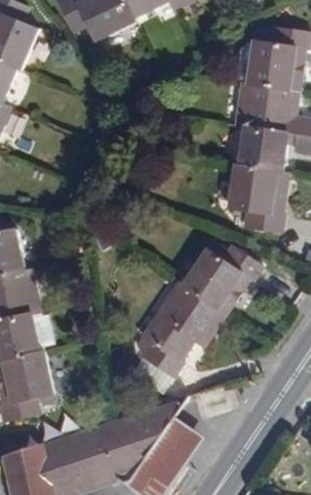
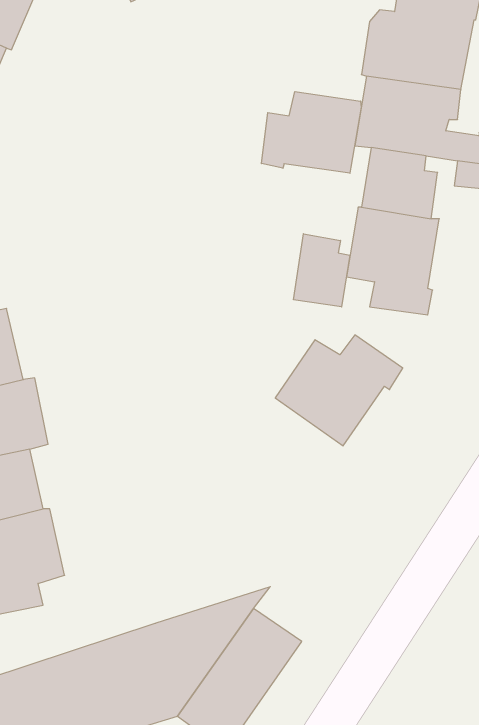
building: none -> [261,92,361,173]
building: none -> [294,234,350,307]
building: [142,286,225,377] -> none

